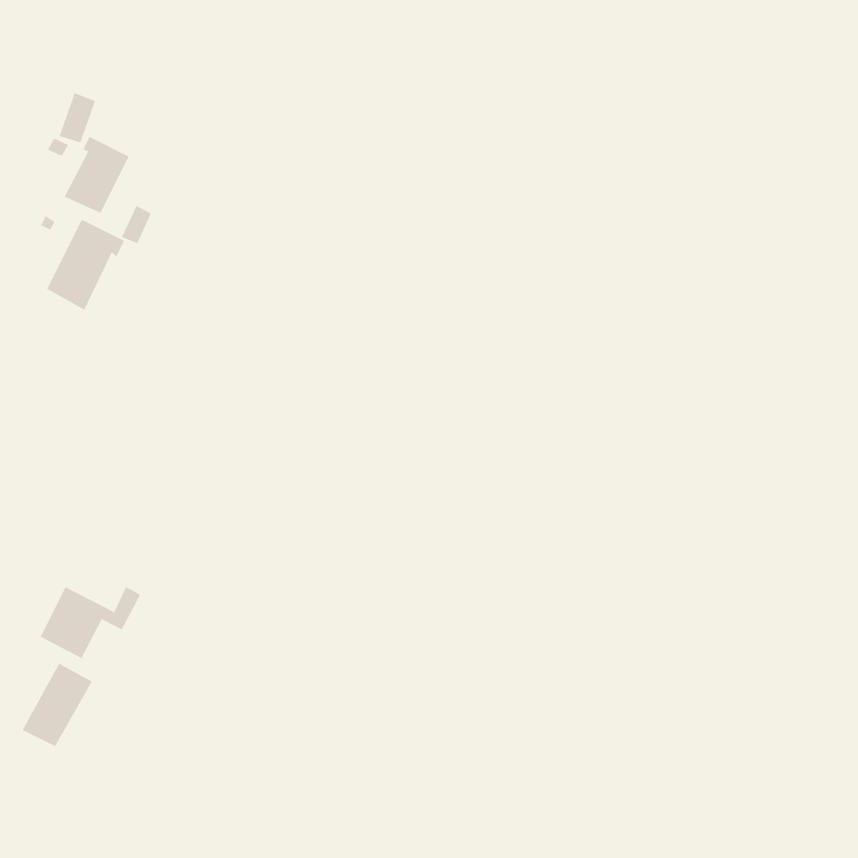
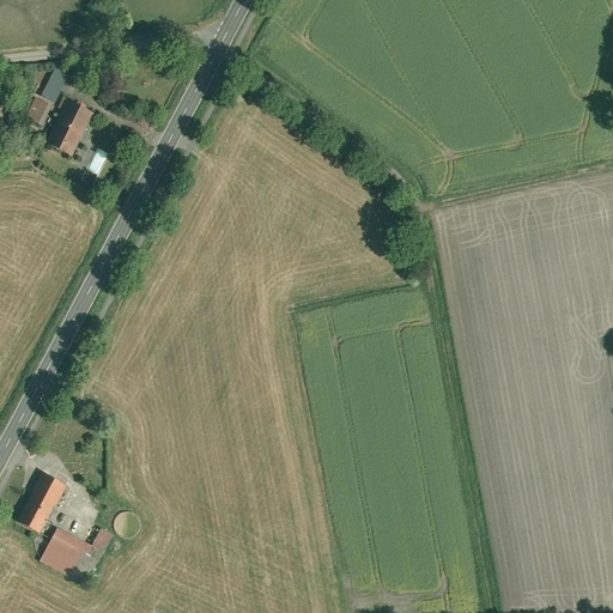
building: [46,219,125,310] -> none
building: [40,586,141,659] -> [40,527,111,578]

